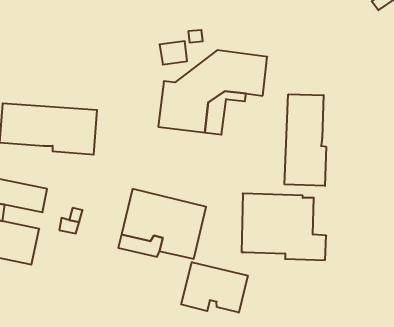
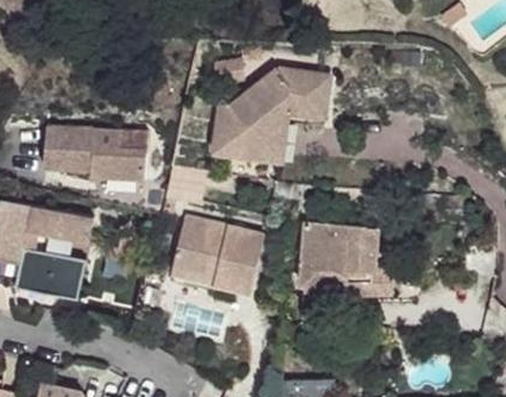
building: [285,94,326,186] -> none
building: [181,262,248,313] -> none

